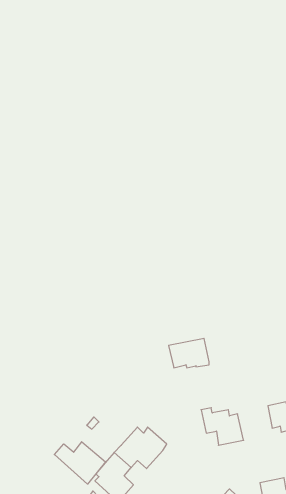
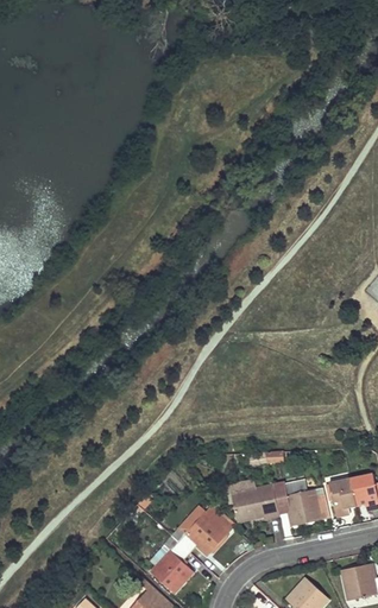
building: [169,338,209,368] -> [231,484,278,519]
building: none -> [328,480,355,517]
building: [54,442,105,484] -> none

